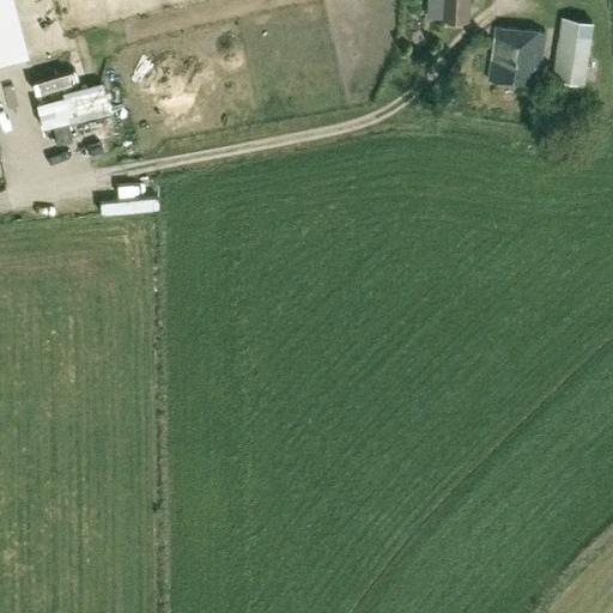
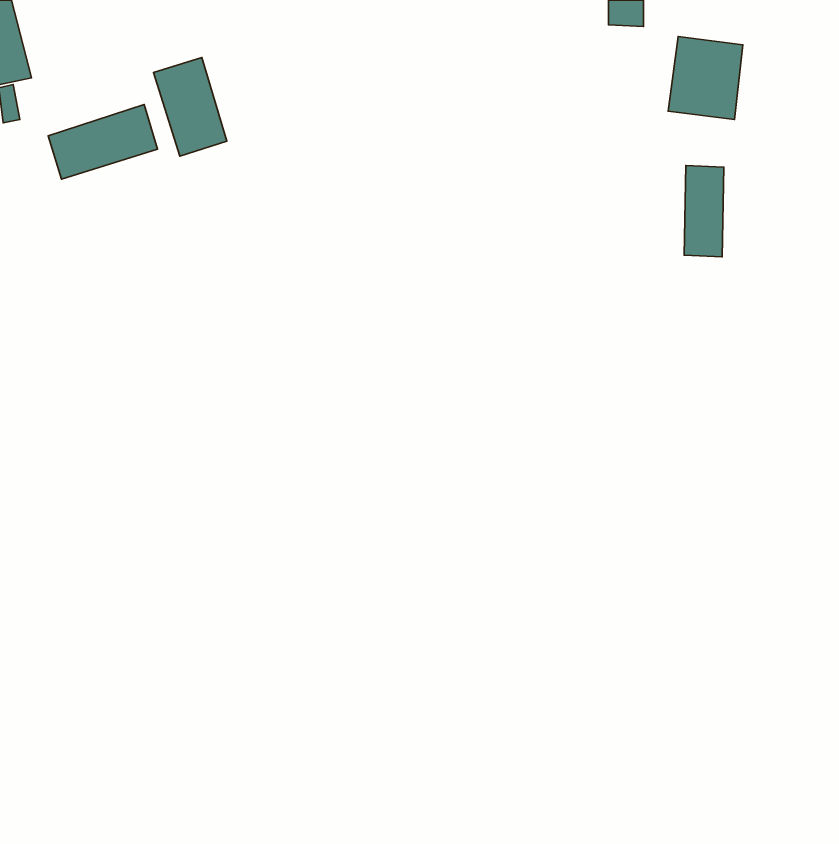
building: [563,16,591,81] -> [684,166,724,257]
building: none -> [153,58,227,156]

